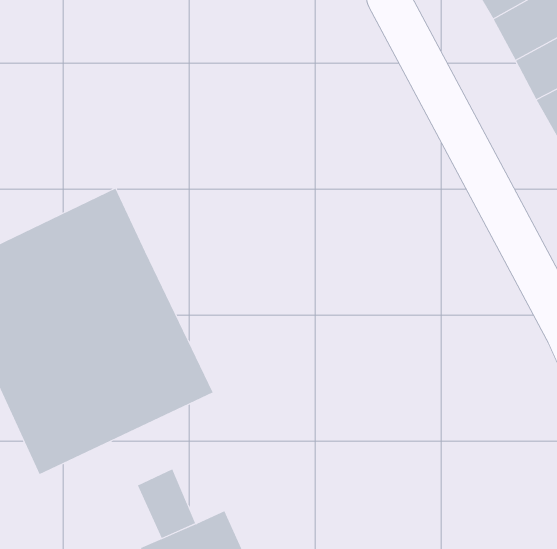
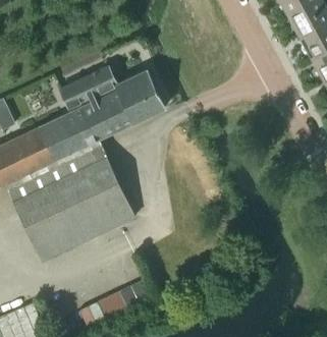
building: none -> [59,66,165,141]
building: [137,469,196,539] -> none

